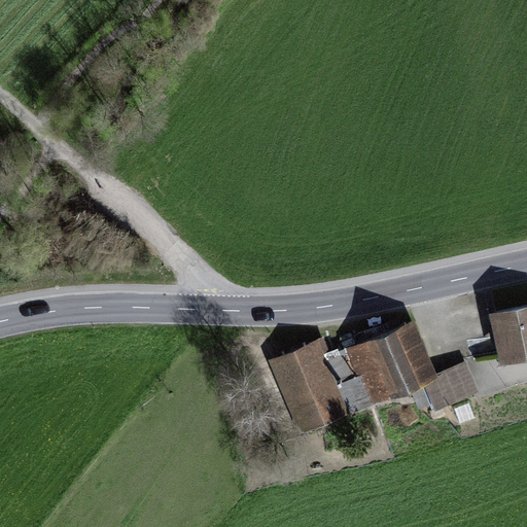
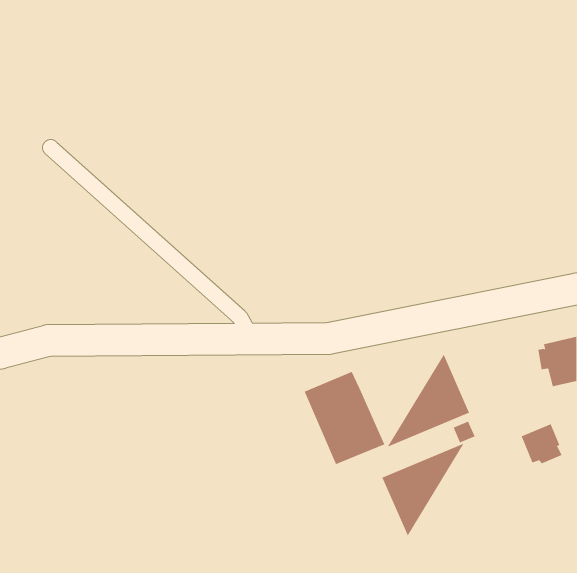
building: [328,325,405,412] -> [382,443,465,537]
building: [436,365,475,402] -> [521,424,562,464]

